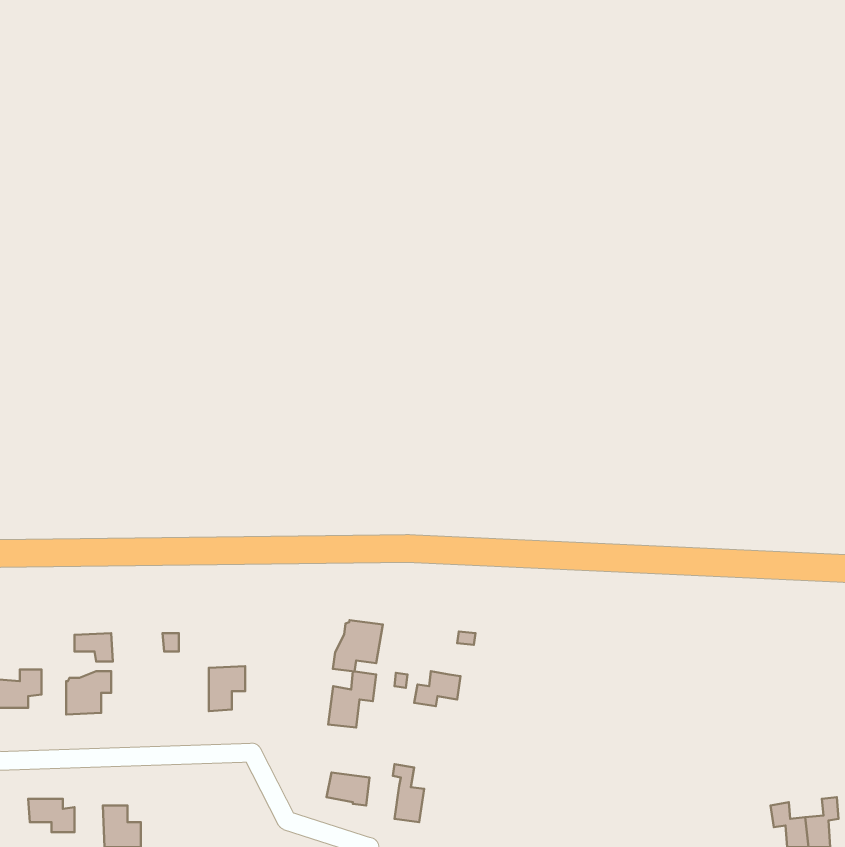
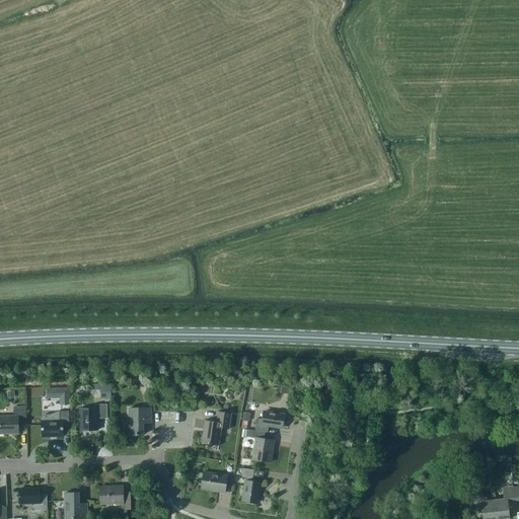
building: [333,620,383,672] -> none
building: none -> [79,403,106,431]
building: none -> [245,429,273,461]
building: none -> [100,486,135,509]

